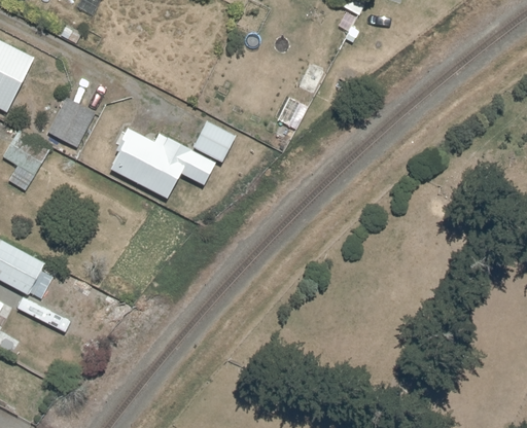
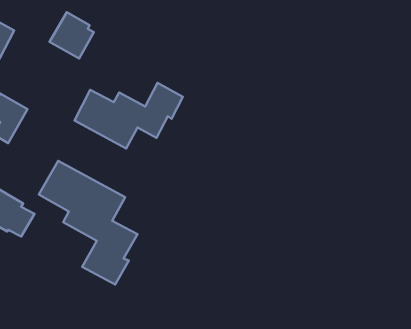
building: [45,98,98,152] -> [49,12,94,58]
building: none -> [39,161,137,285]

